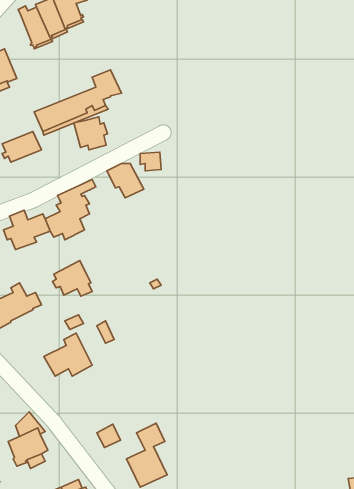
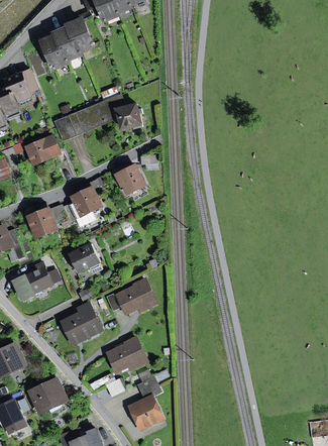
building: [74,117,107,150] -> [116,103,143,130]
building: none -> [117,280,155,311]
building: none -> [107,338,146,369]

